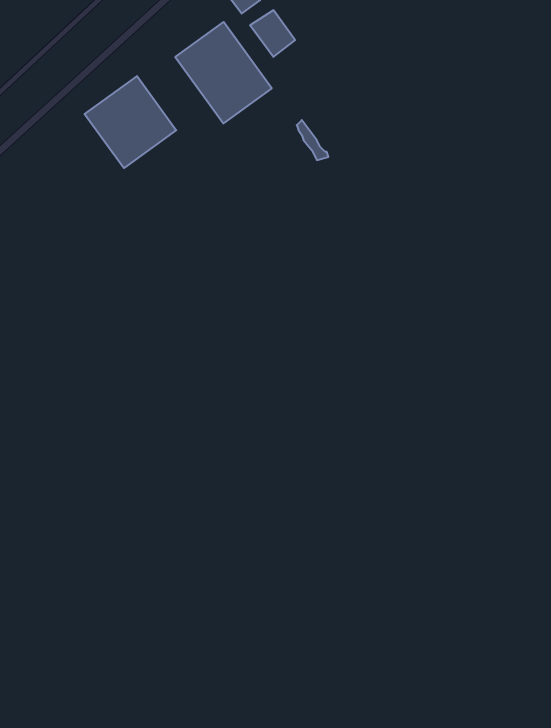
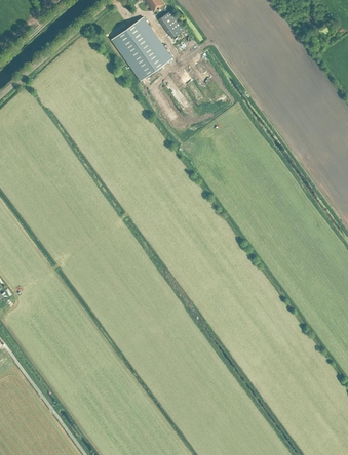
building: [85,76,176,168] -> none

